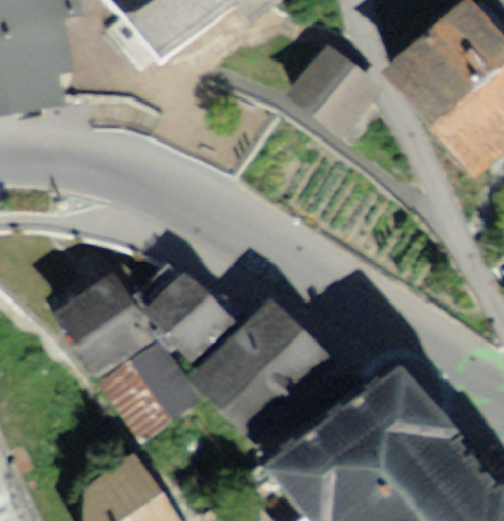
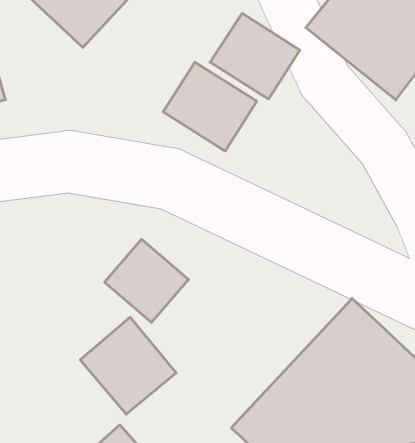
building: none -> [163,62,257,151]
building: [53,274,159,379] -> none
building: [186,297,338,447] -> none

